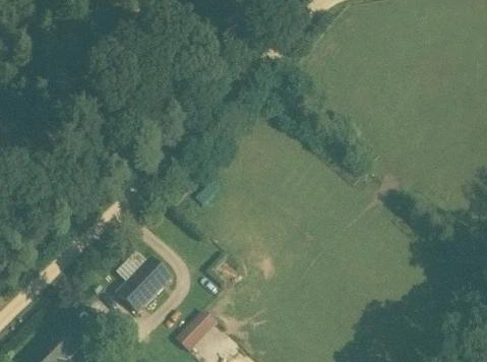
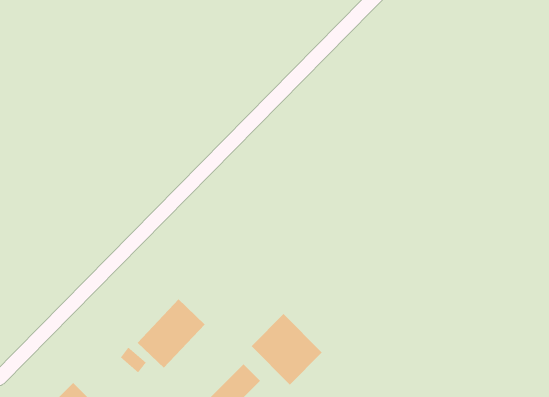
building: none -> [251,313,323,386]

